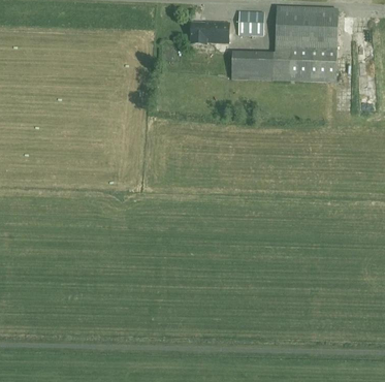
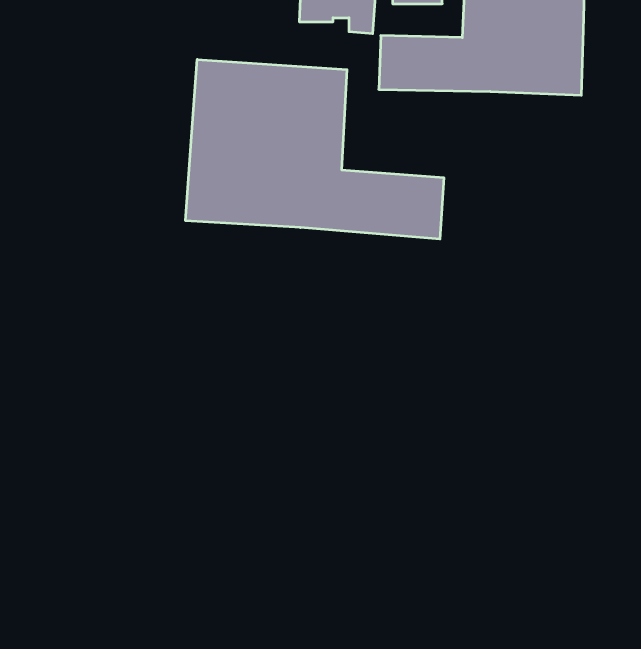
building: none -> [186,59,444,239]

